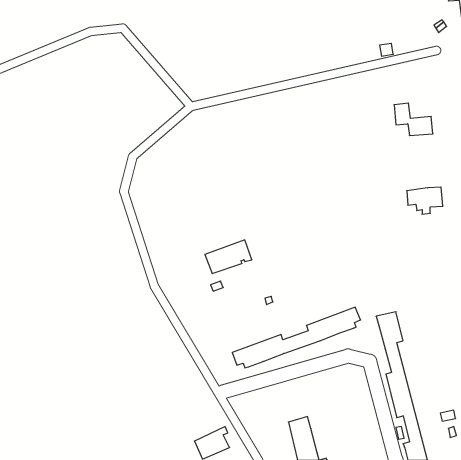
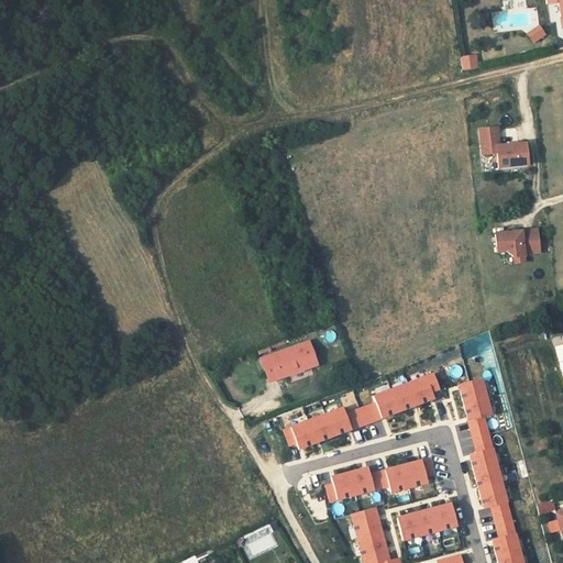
building: [205,240,252,273] -> [262,340,319,380]
building: none -> [325,459,433,501]
building: none -> [397,504,456,540]

